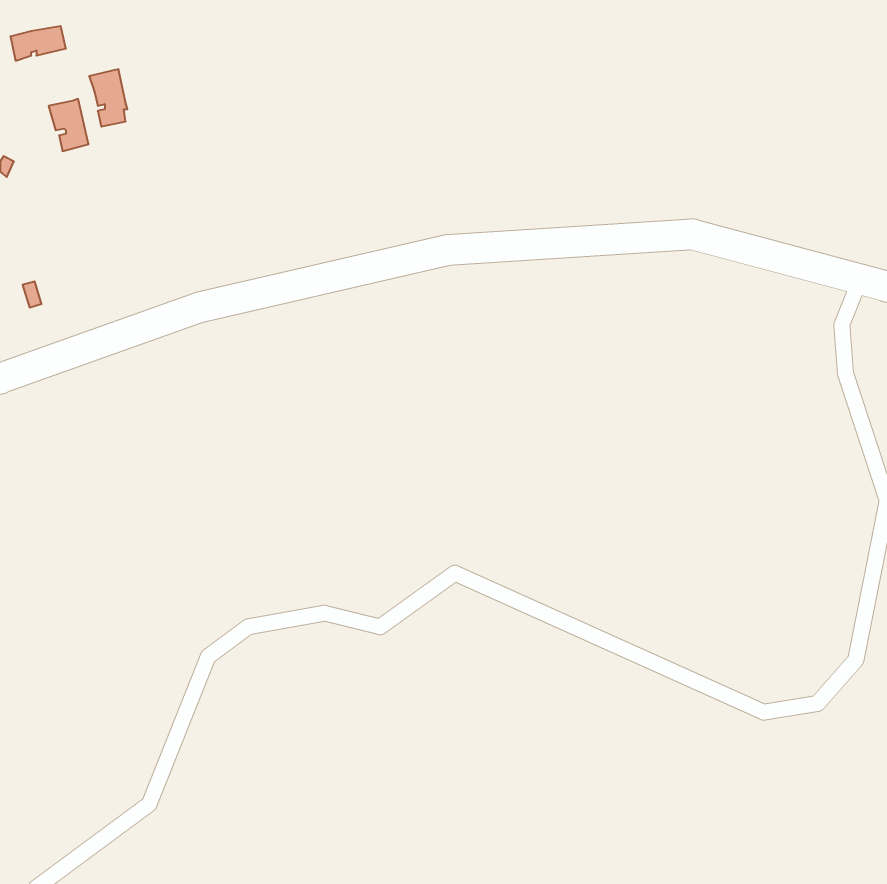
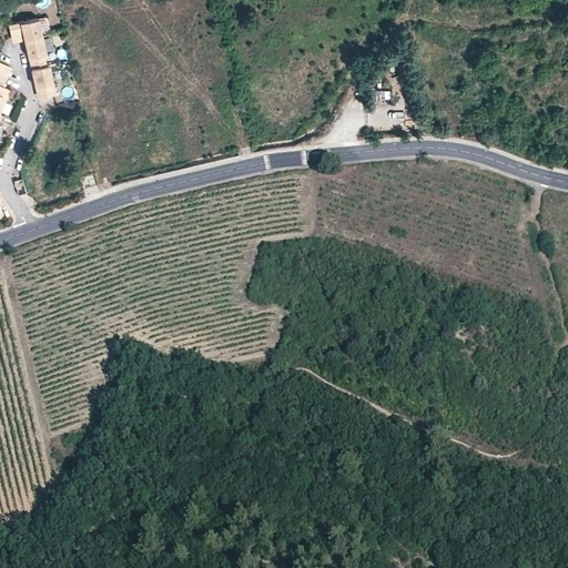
building: [89,69,127,127] -> [23,33,48,70]

